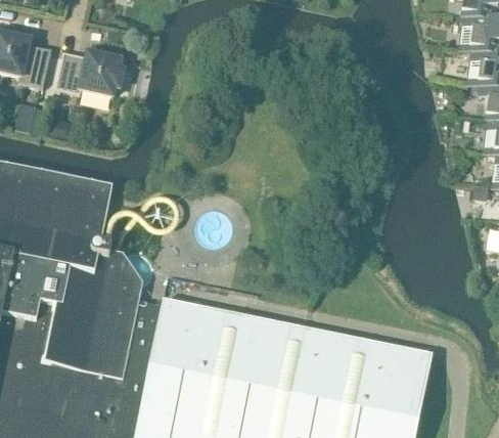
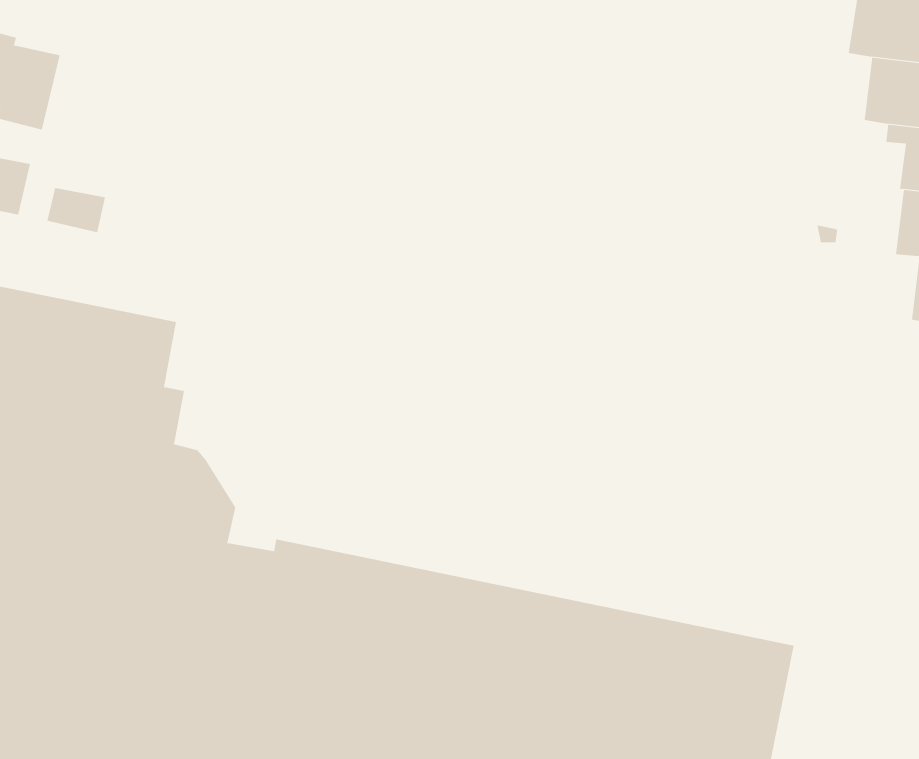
building: [54,47,122,94] -> none

